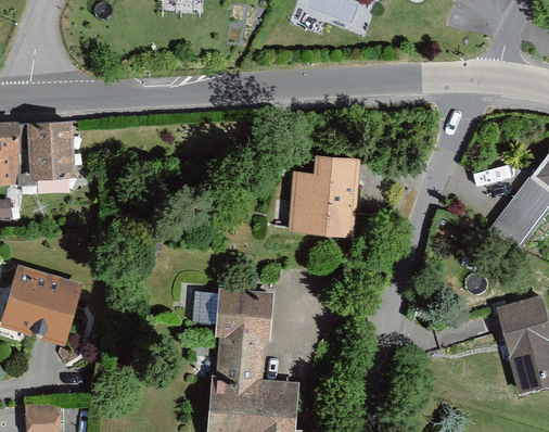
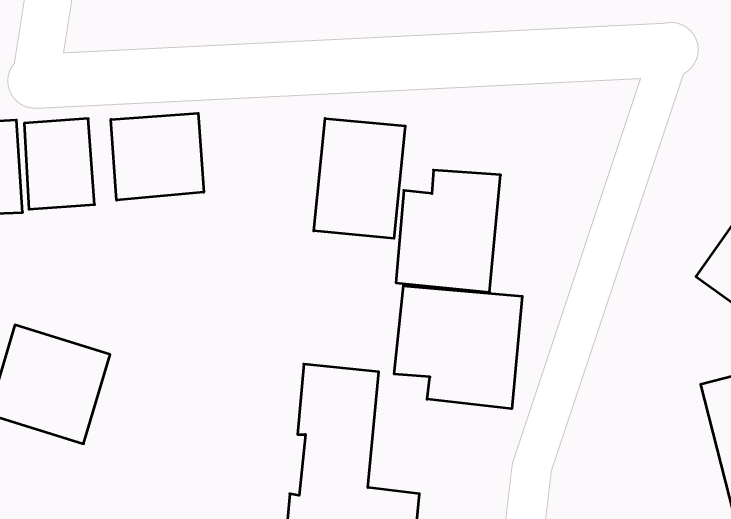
building: none -> [111,113,204,200]
building: none -> [314,118,405,238]
building: none -> [394,286,522,409]

